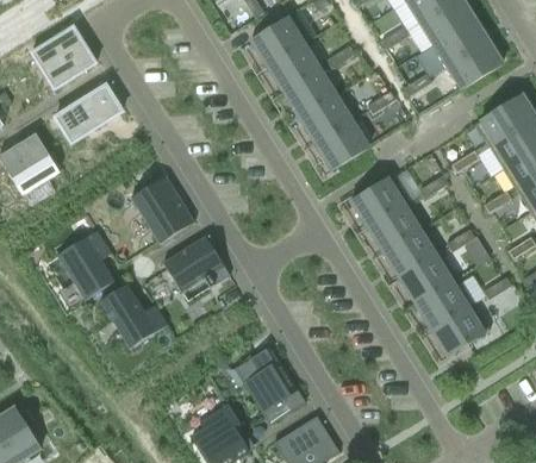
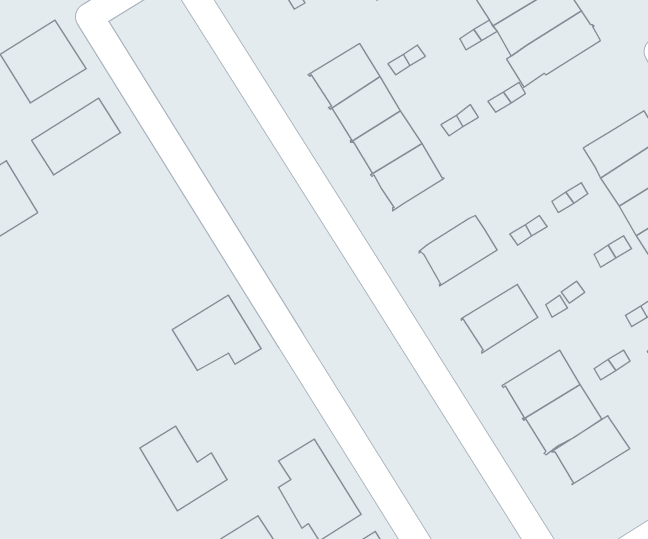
building: [250,18,305,68] -> none
building: [447,42,501,90] -> none
building: [130,176,195,244] -> none
building: [366,201,425,254] -> none
building: [56,230,114,307] -> none
building: [398,252,457,305] -> [552,416,630,485]
building: [100,284,167,349] -> [140,426,227,511]

